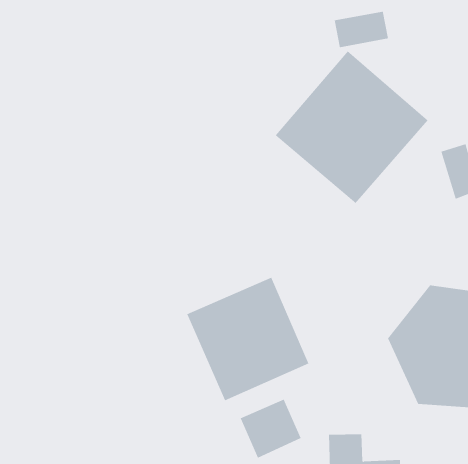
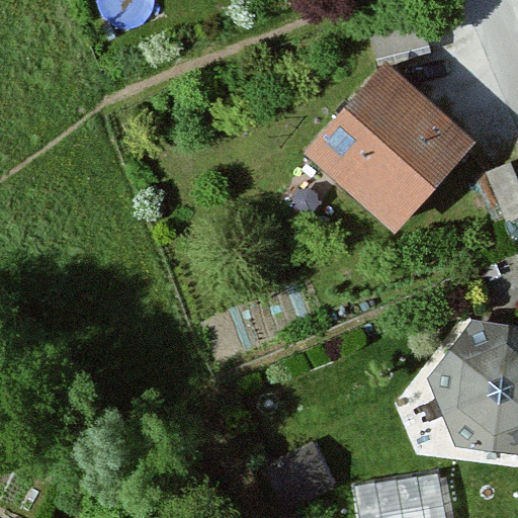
building: [186,277,309,401] -> none

